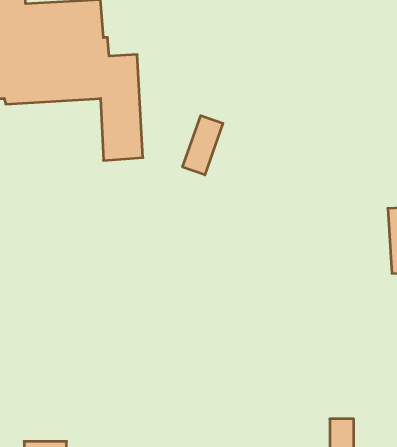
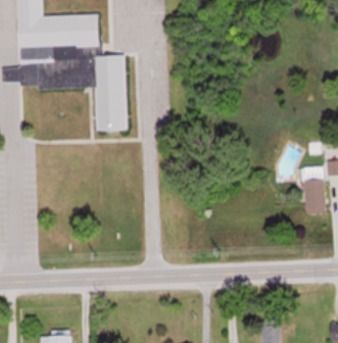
building: [183,116,223,175] -> none

